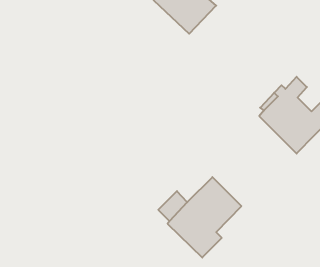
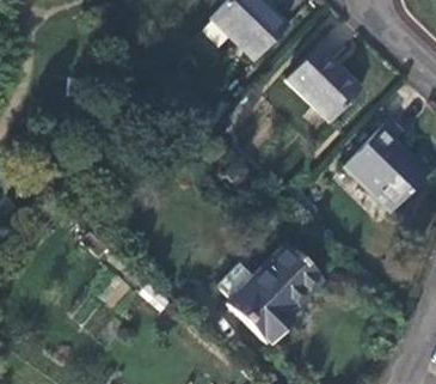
building: none -> [284,47,362,123]

